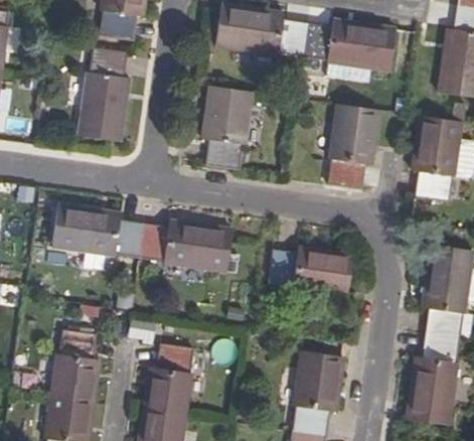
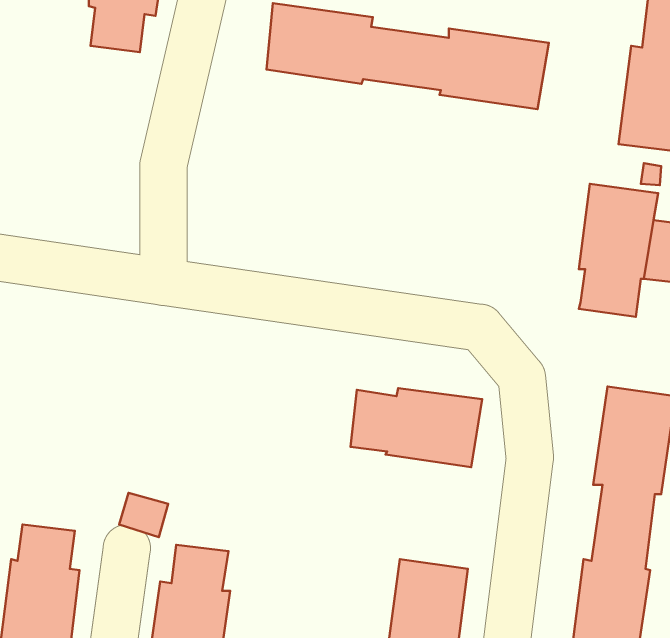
building: [81,42,133,136] -> none
building: [200,87,252,169] -> none
building: [328,105,379,189] -> none
building: [50,204,231,273] -> none

